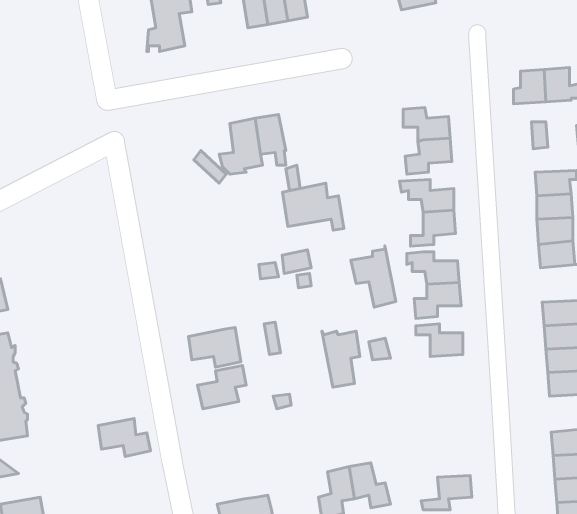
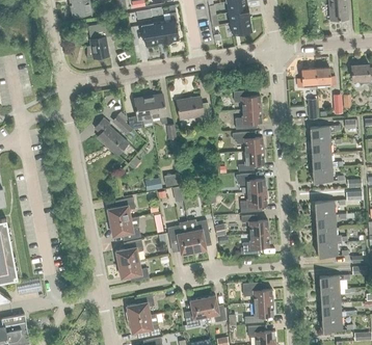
building: none -> [95,118,129,156]
building: [282,183,344,230] -> [176,96,211,123]
building: [351,246,396,307] -> [167,220,193,256]
building: none -> [107,198,135,223]
building: none -> [240,234,269,255]
building: [98,418,150,456] -> [118,261,149,283]
building: none -> [242,284,272,304]
building: none -> [126,295,155,320]

